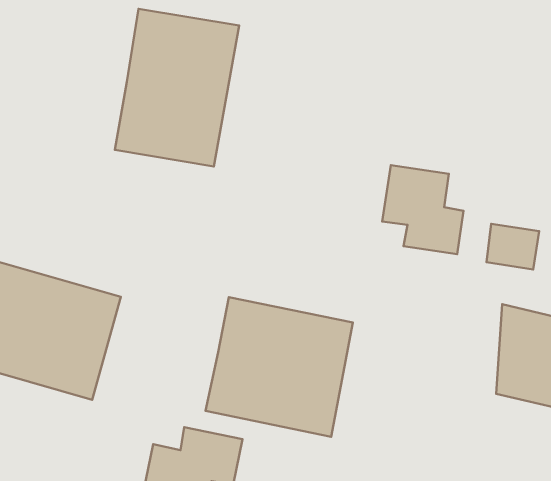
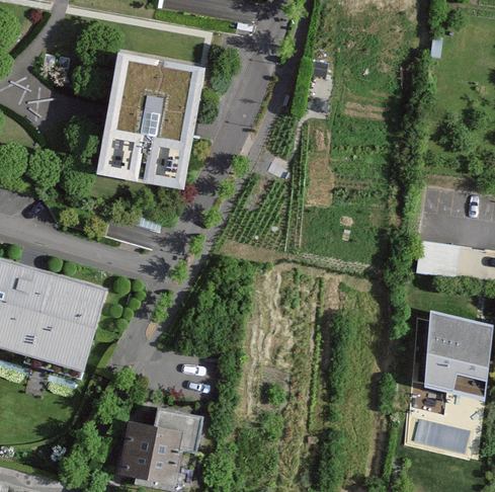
building: [382,165,464,254] -> none
building: [206,297,353,437] -> none

